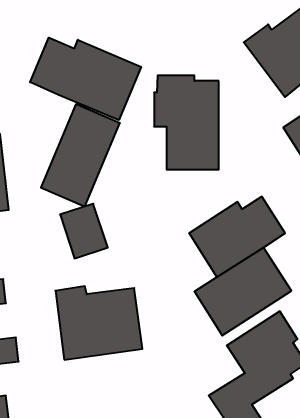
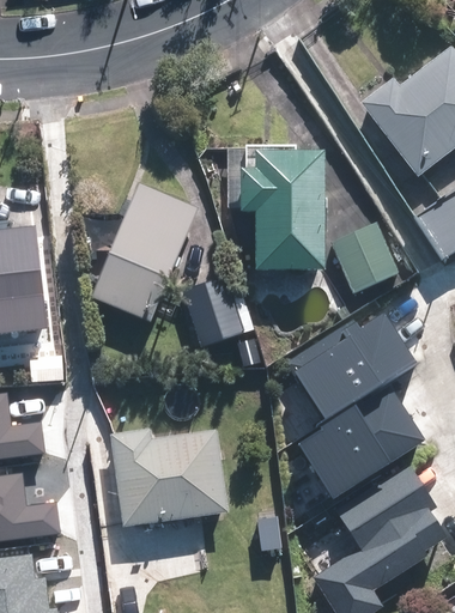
building: [30,38,141,120] -> none
building: none -> [328,226,398,298]
building: [60,204,108,258] -> [180,279,243,352]

